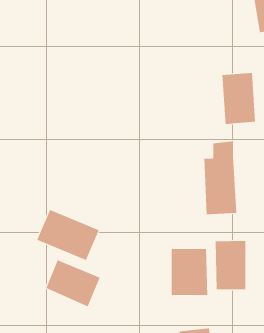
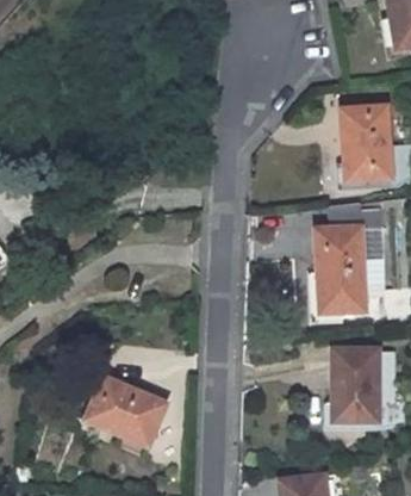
building: [37,209,100,261] -> none
building: [171,248,208,296] -> none

